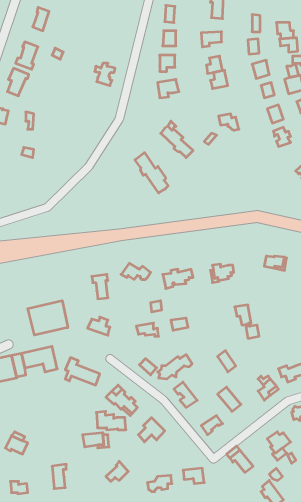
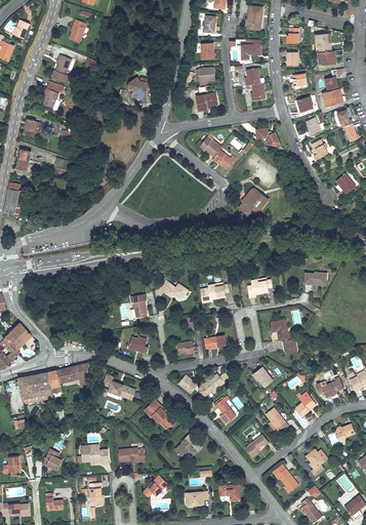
building: [135,153,168,193] -> none
building: none -> [236,191,267,219]
building: [28,301,68,335] -> none
building: [96,411,126,430] -> [81,445,111,463]

